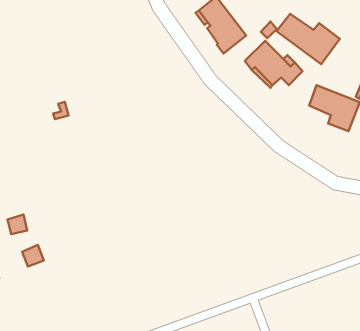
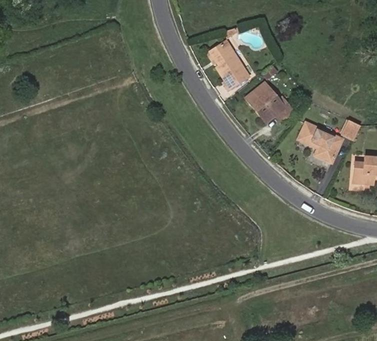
building: [276,14,340,64] -> none

